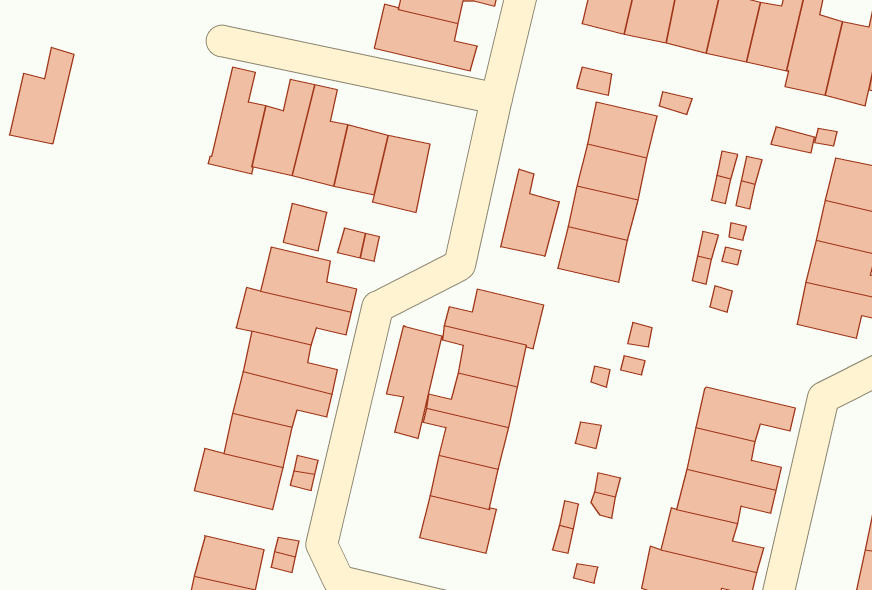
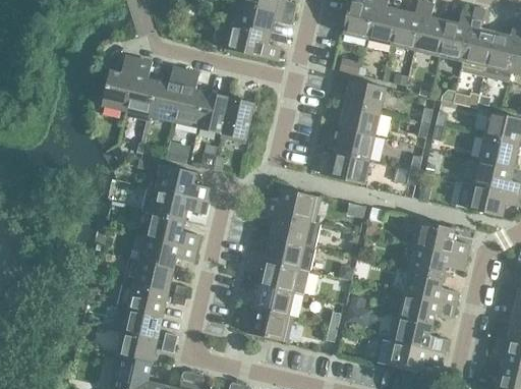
building: [9,47,74,144] -> [102,54,139,110]
building: [501,169,559,256] -> none
building: [387,326,442,439] -> none
building: none -> [410,219,470,257]
building: none -> [112,304,163,339]

